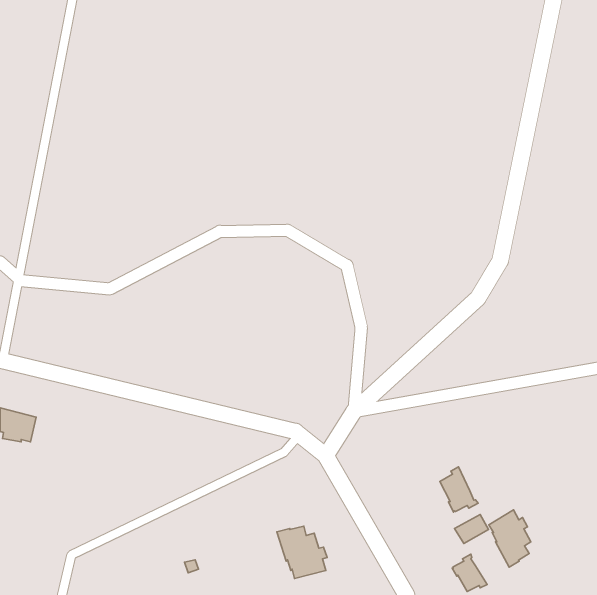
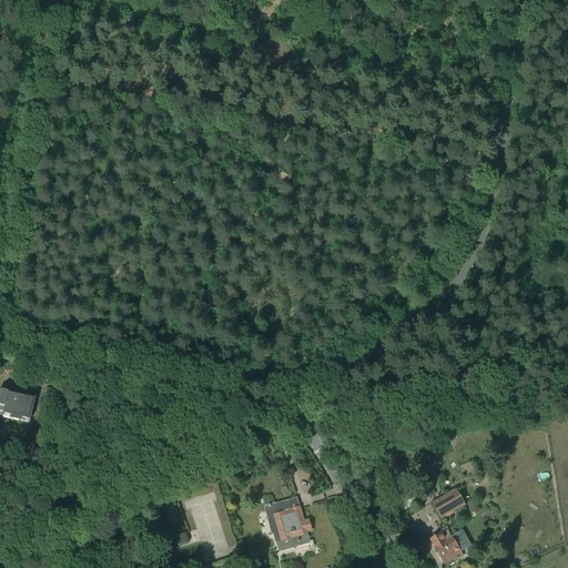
building: [440,467,478,512] -> none
building: [489,510,531,567] -> none

